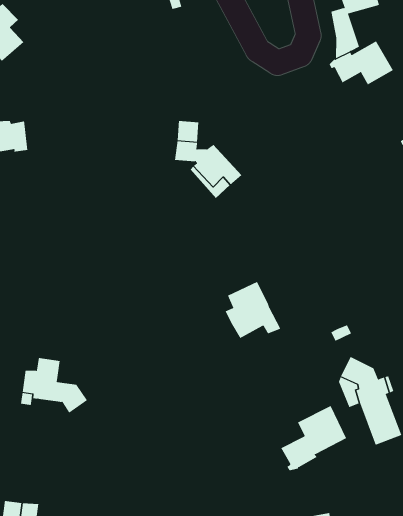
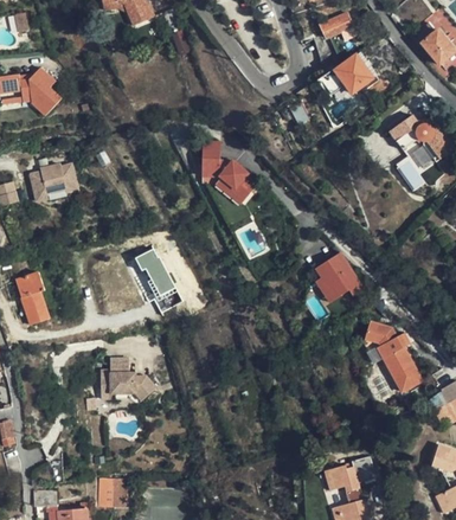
building: none -> [130,246,184,310]
building: [225,281,281,339] -> [314,251,362,301]
building: [281,405,347,471] -> none

